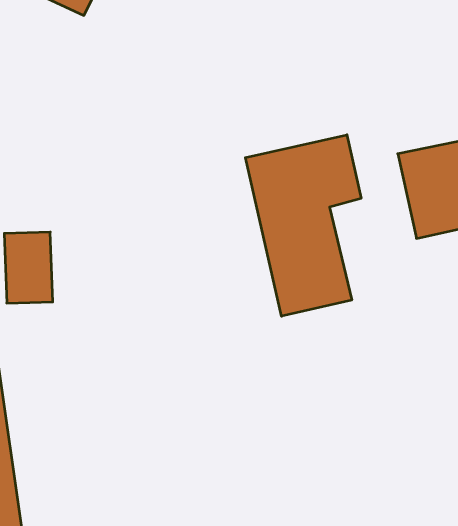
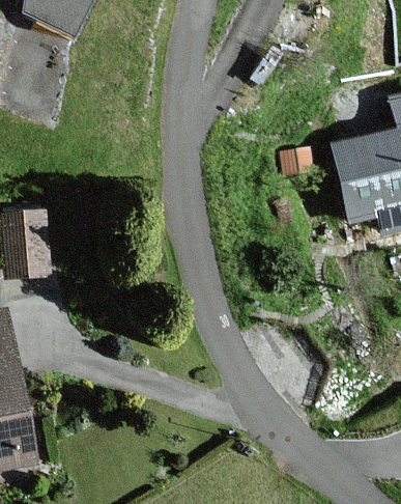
building: [245,135,361,316] -> none

